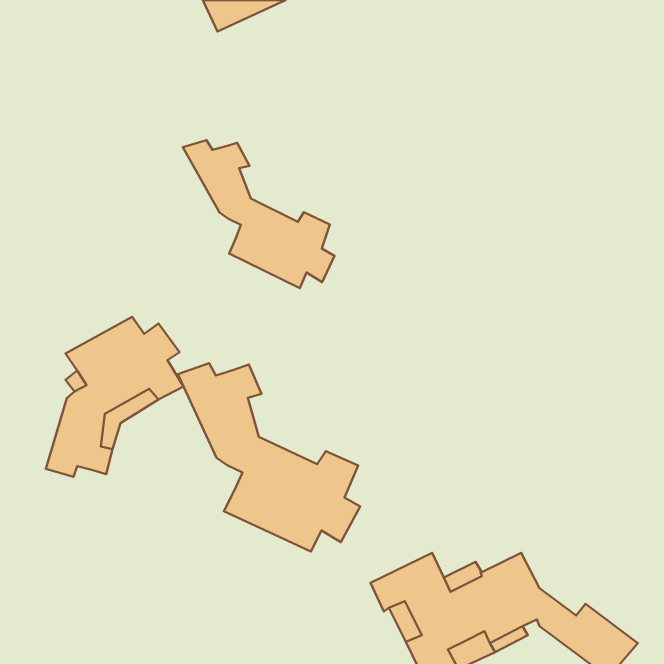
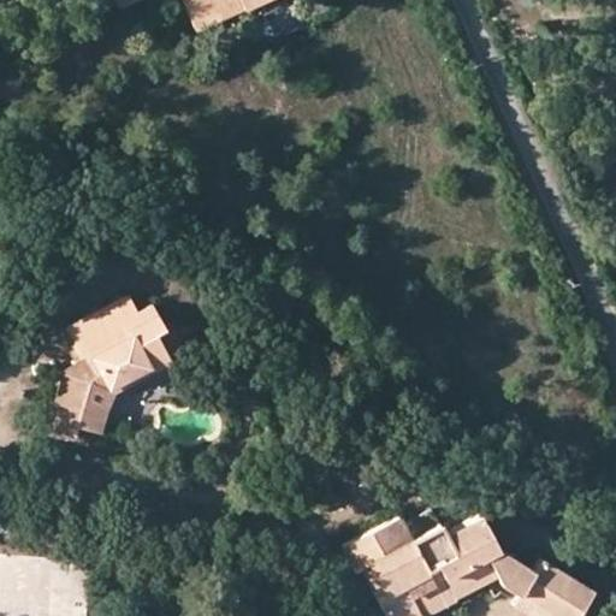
building: [183,140,335,288] -> none
building: [178,363,360,551] -> none

